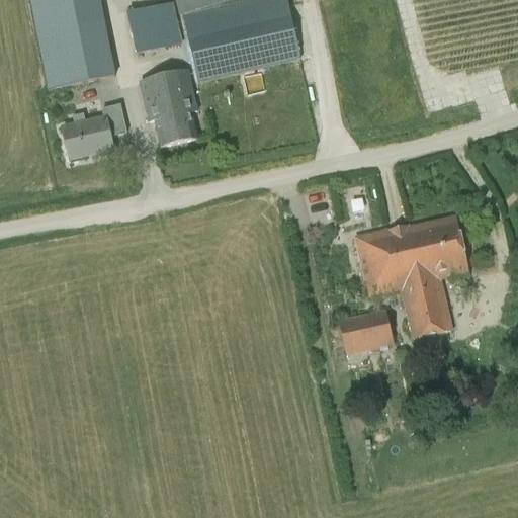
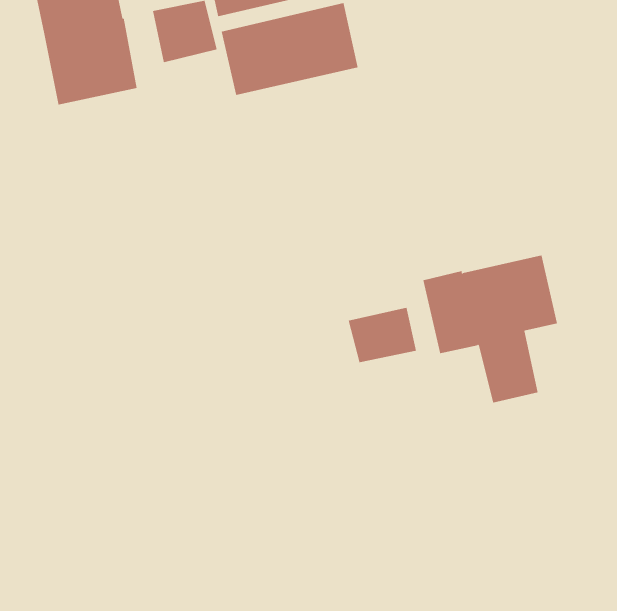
building: [140,68,197,145] -> none
building: [62,99,128,157] -> none
building: [337,307,395,353] -> [348,307,417,363]

